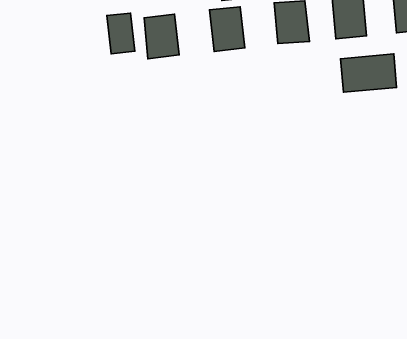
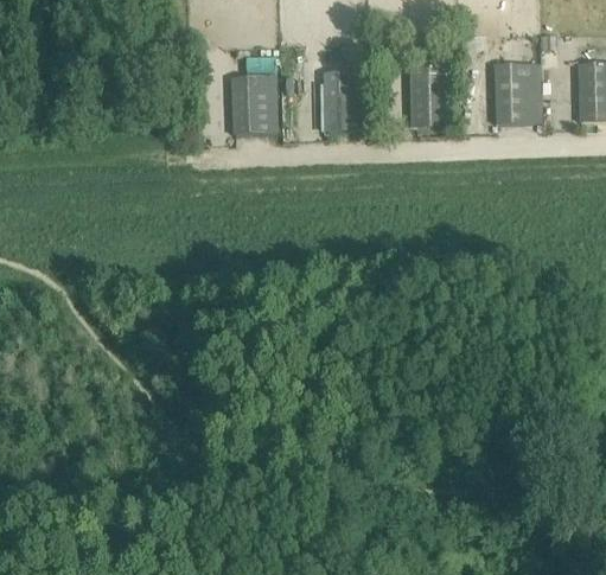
building: [107,13,135,54] -> none
building: [341,54,397,92] -> none

